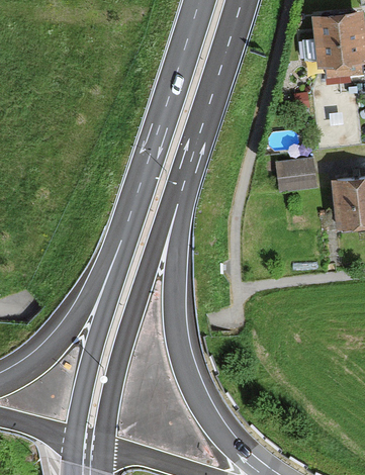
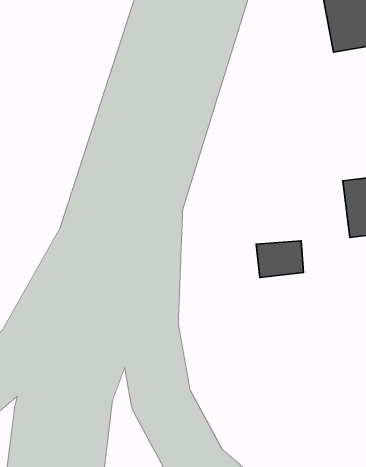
building: [269,160,309,191] -> [256,241,303,277]

